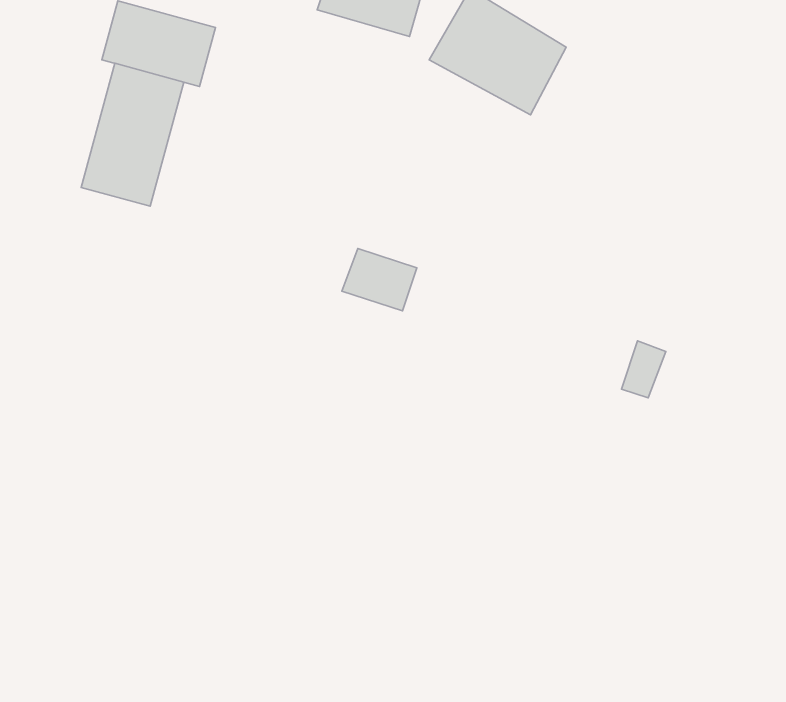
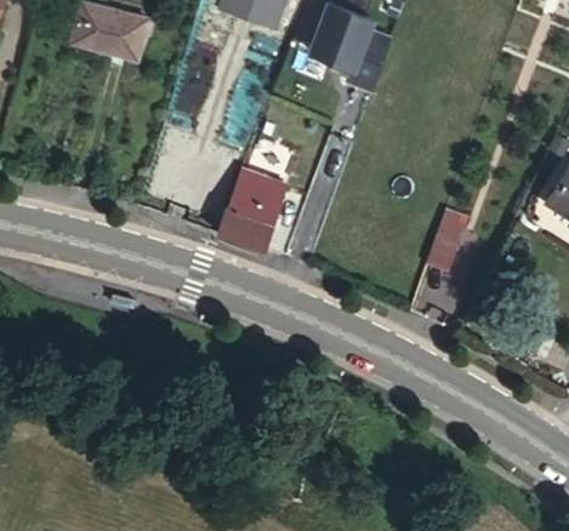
building: [81,63,184,206] -> none
building: none -> [220,200,277,252]

